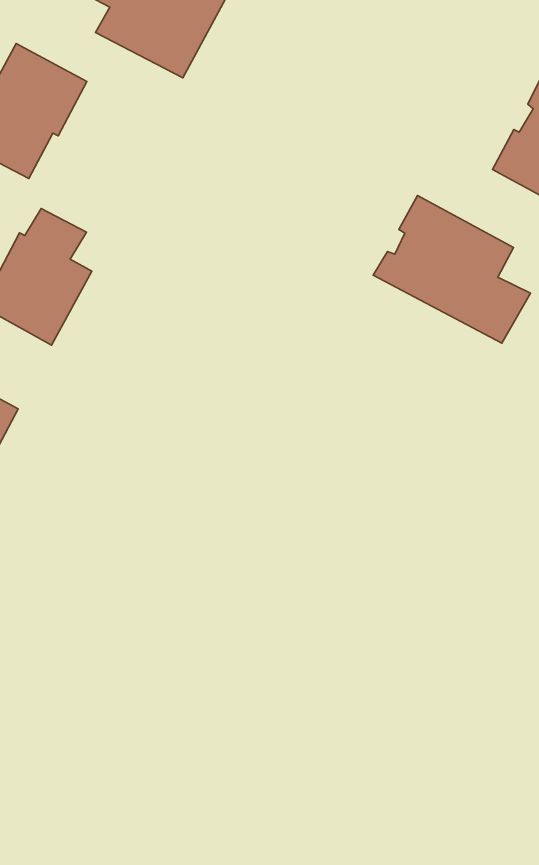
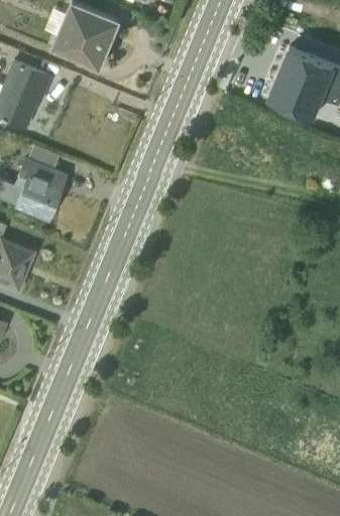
building: [373,196,530,343] -> none

